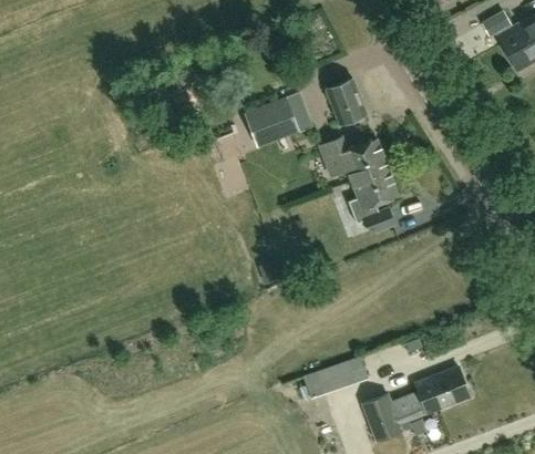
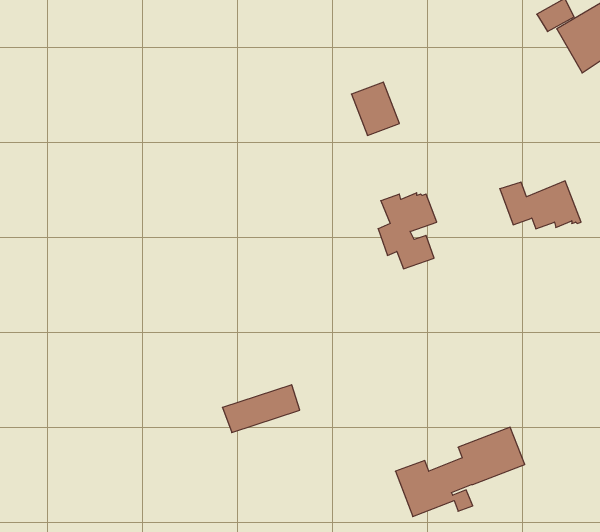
building: [245,92,302,147] -> none
building: [321,137,389,177] -> [500,181,581,229]
building: [303,357,368,396] -> [222,385,300,433]

